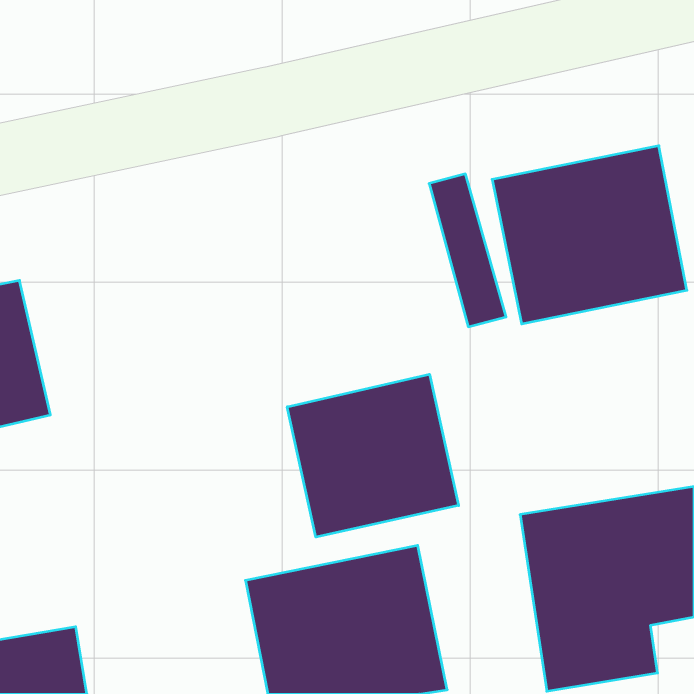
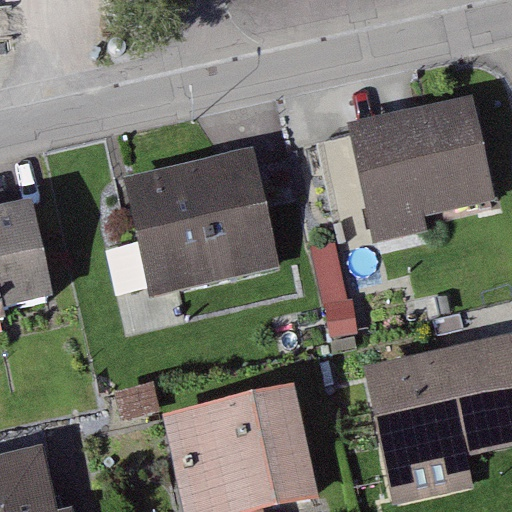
building: none -> [133,152,281,287]
building: [287,374,459,537] -> none

